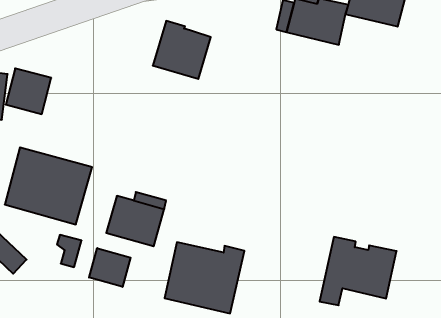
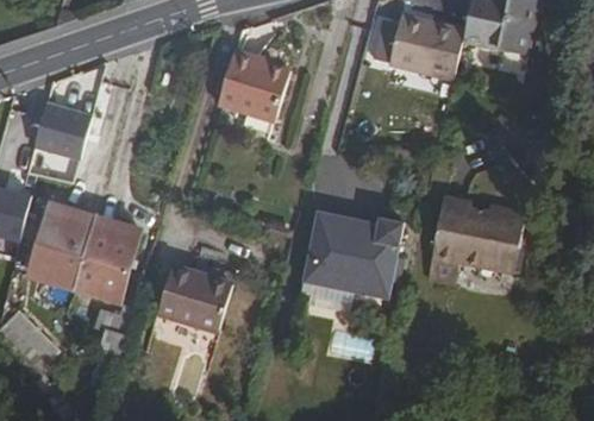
building: [320,237,397,305] -> [425,196,521,282]
building: [165,242,244,313] -> [304,209,404,299]
building: [89,248,131,287] -> none

